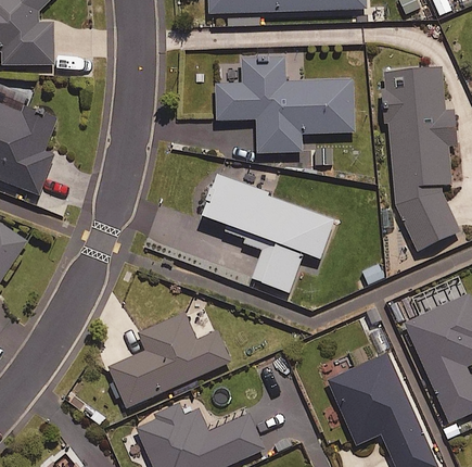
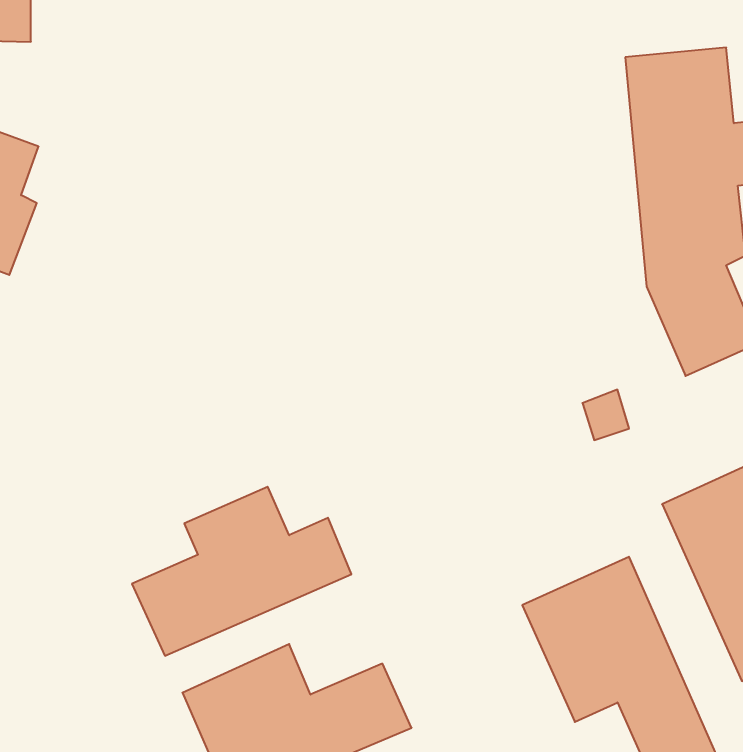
building: [215,55,354,152] -> none
building: [201,175,333,291] -> none

